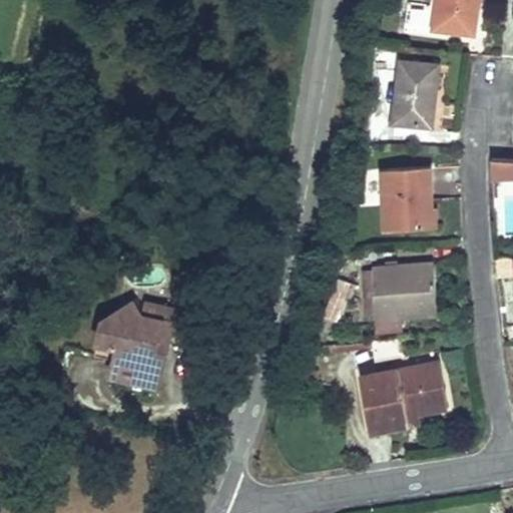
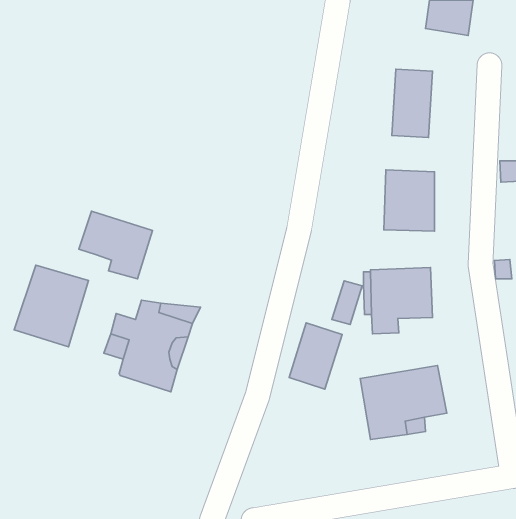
building: none -> [79,211,152,279]
building: none -> [14,265,88,347]
building: none -> [289,323,342,389]

